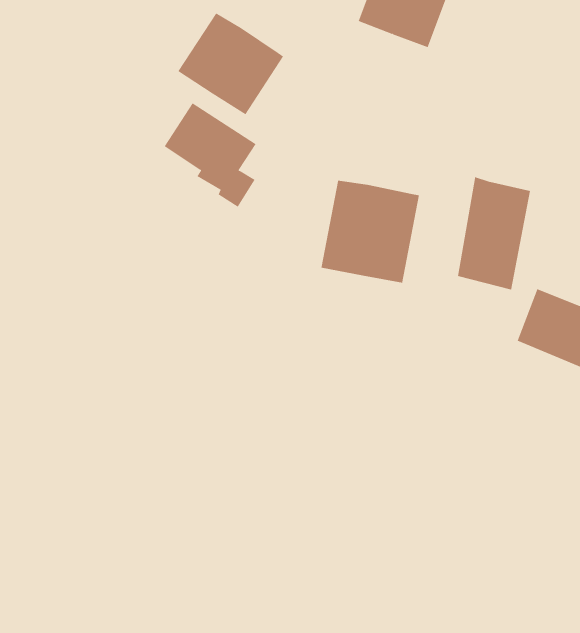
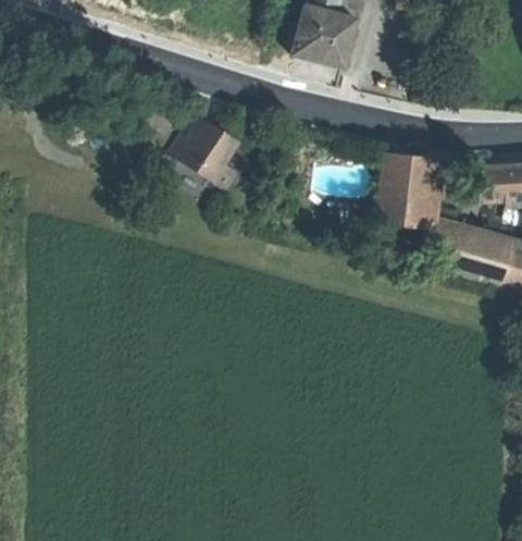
building: [178,12,284,115] -> none
building: [321,180,420,283] -> none

